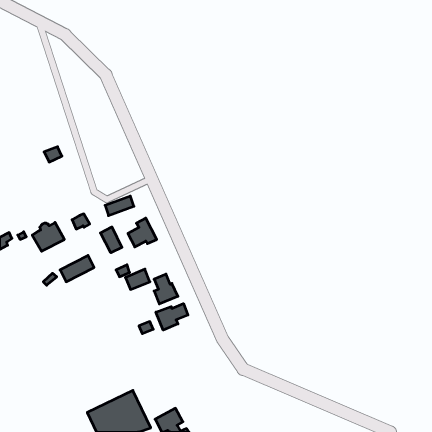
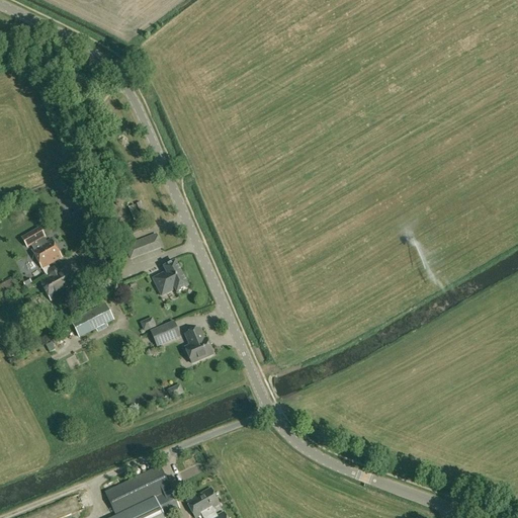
building: none -> [20,227,61,275]
building: [100,227,122,253] -> none
building: [156,304,188,330] -> none

